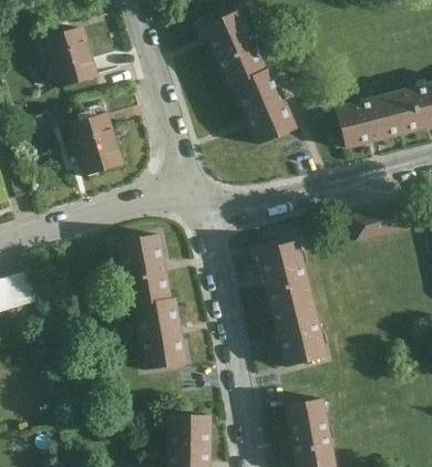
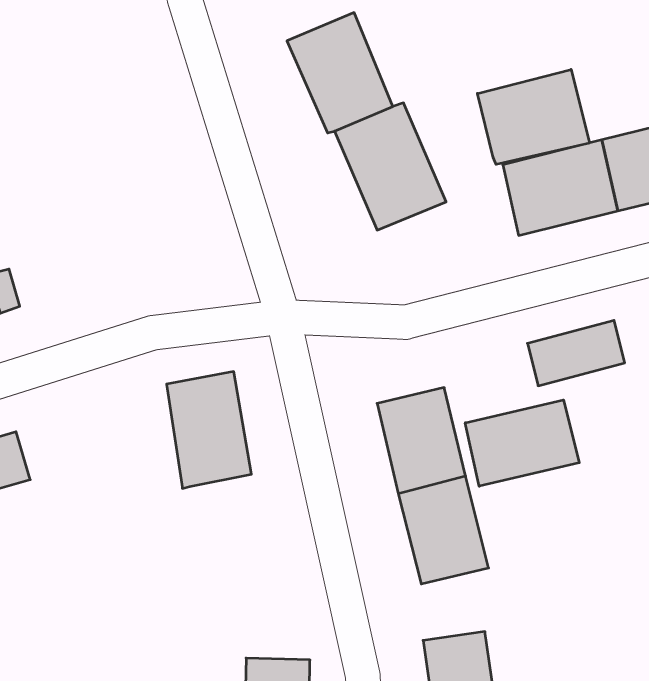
building: [44,24,103,87] -> none
building: none -> [477,69,589,164]
building: [68,112,126,176] -> none
building: none -> [465,400,579,486]
building: [137,298,192,372] -> none

